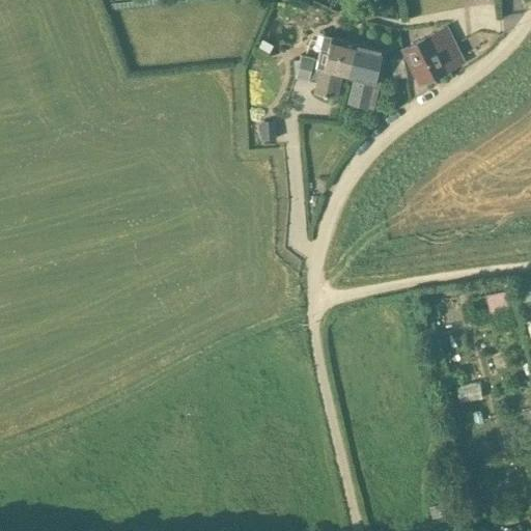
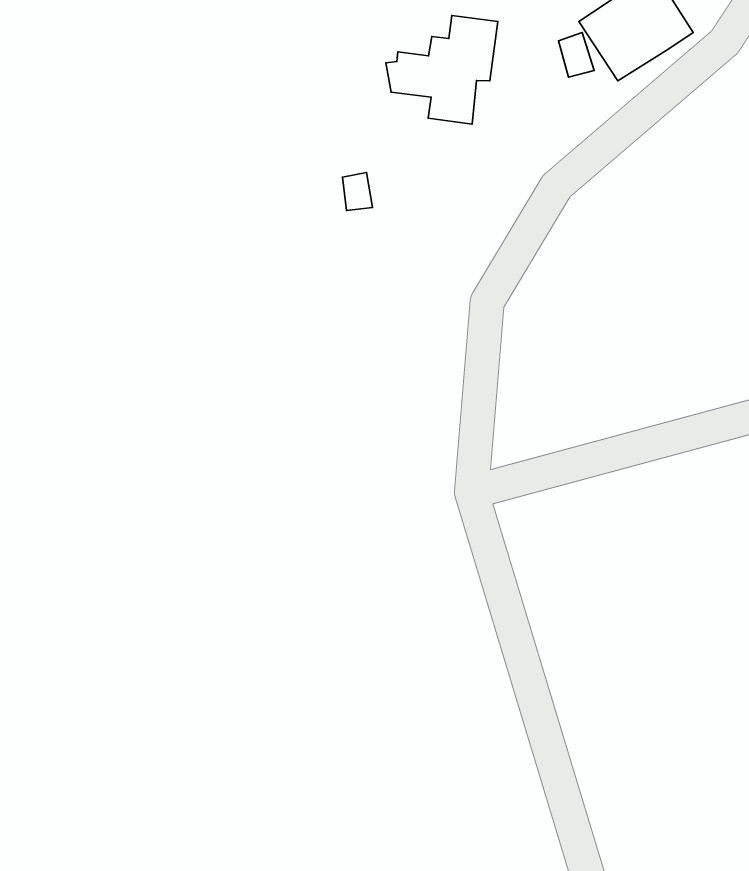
building: [348,47,388,106] -> none

